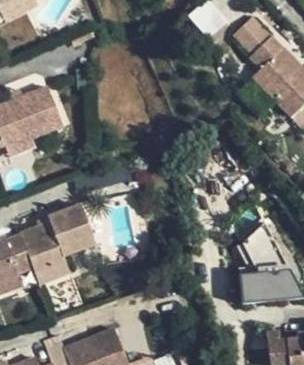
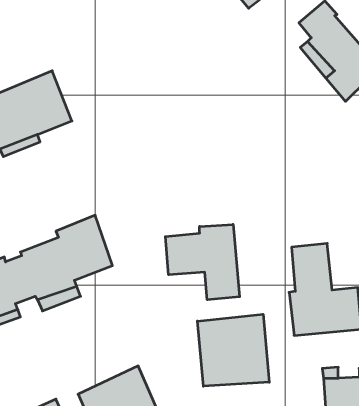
building: none -> [165,224,240,300]
building: none -> [197,314,269,386]

